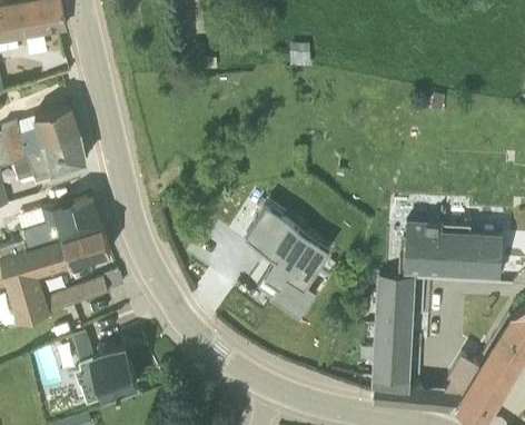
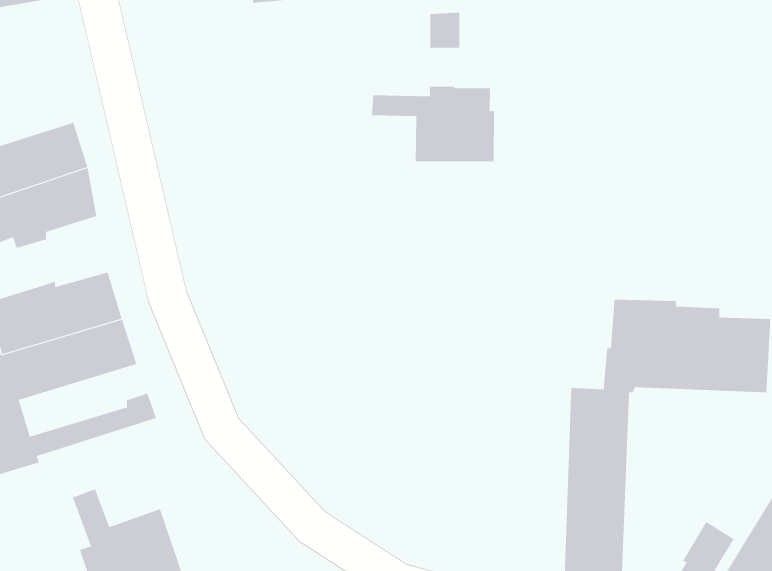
building: none -> [372,86,494,162]
building: [254,202,328,318] -> none

